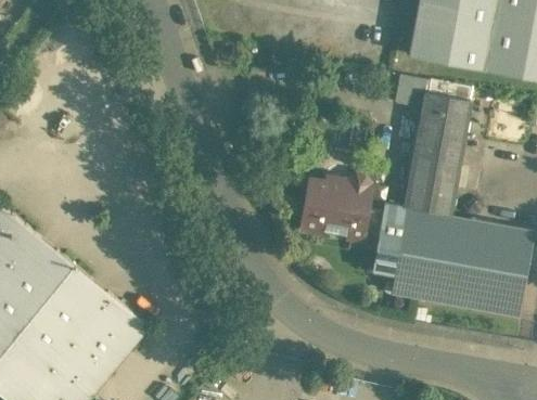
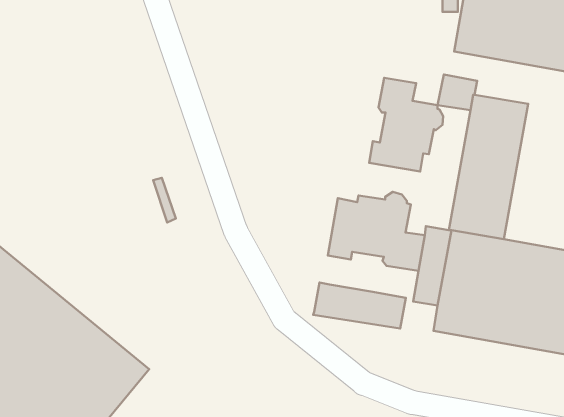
building: none -> [369,78,443,172]
building: none -> [313,283,406,329]

